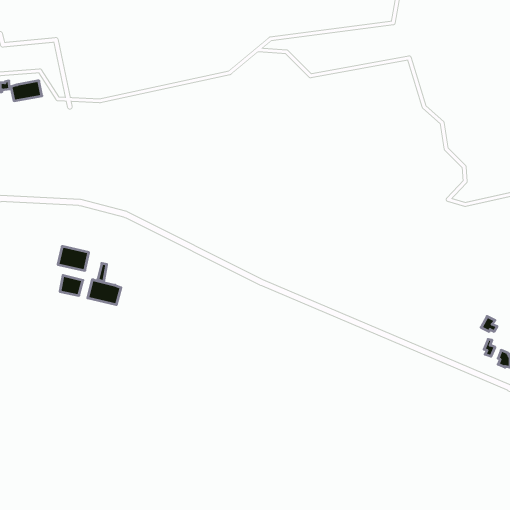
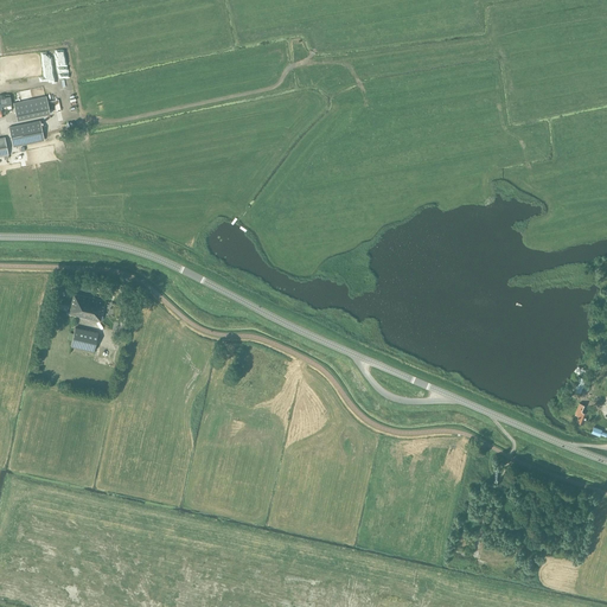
building: none -> [8,120,44,146]
building: [88,280,121,305] -> none

